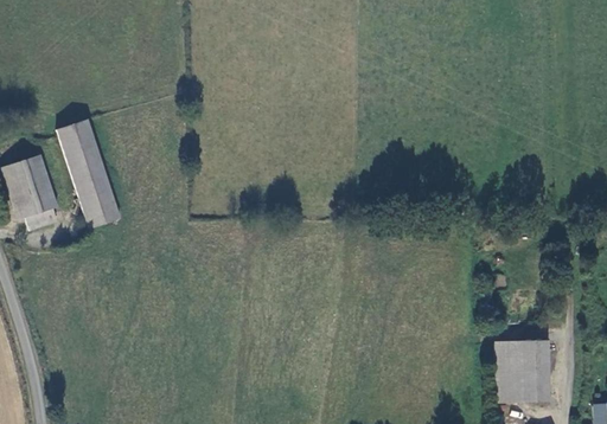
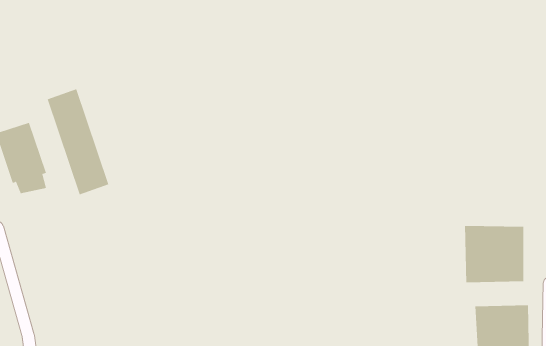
building: none -> [465,225,524,283]

